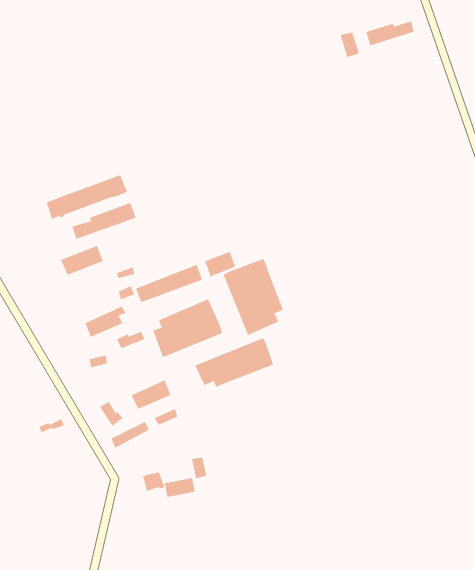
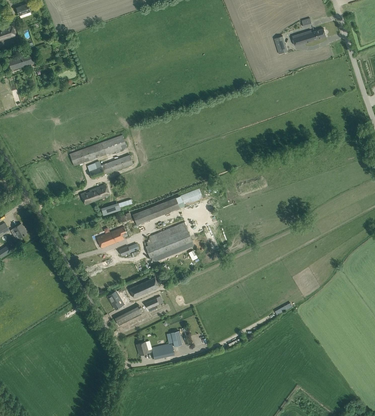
building: [223,258,283,336] -> none
building: [195,337,274,387] -> none

